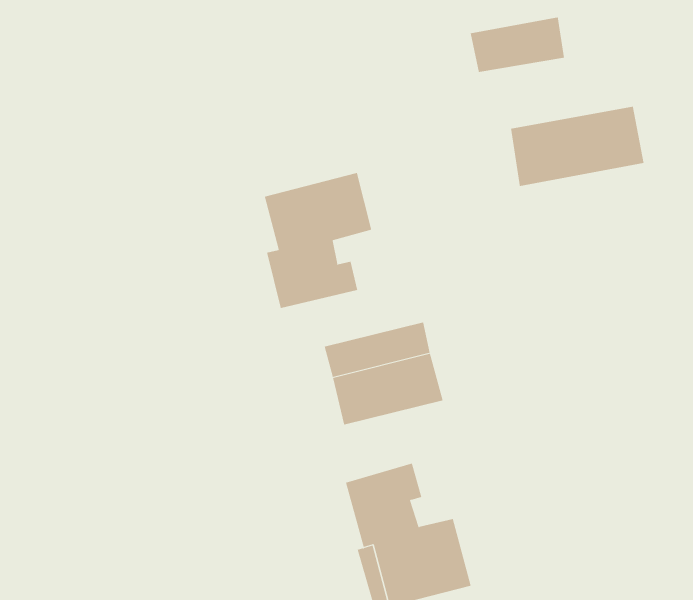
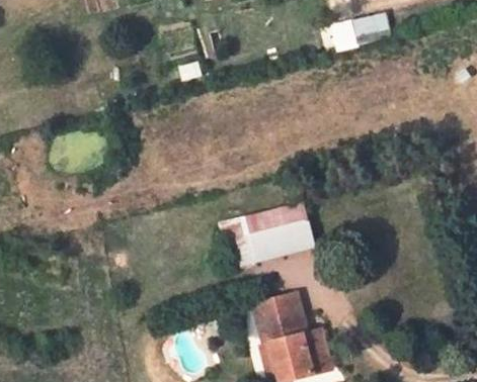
building: [511,106,644,187] -> none
building: [264,172,372,309] -> none

